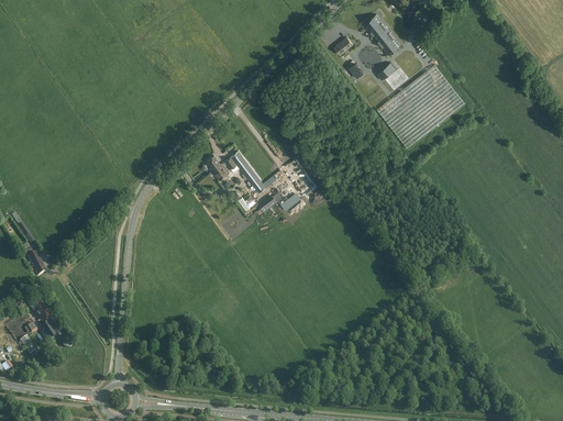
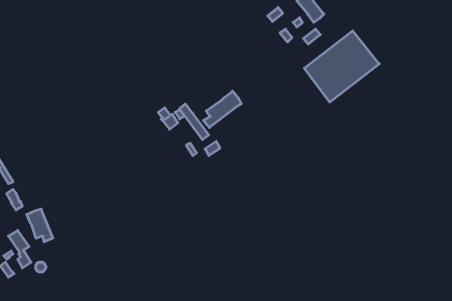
building: none -> [203,91,241,128]
building: none -> [27,209,53,242]

